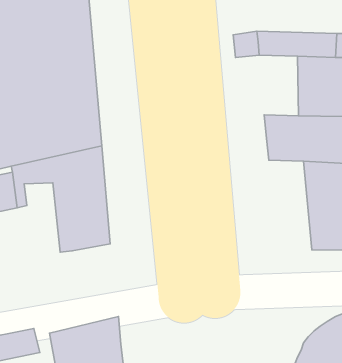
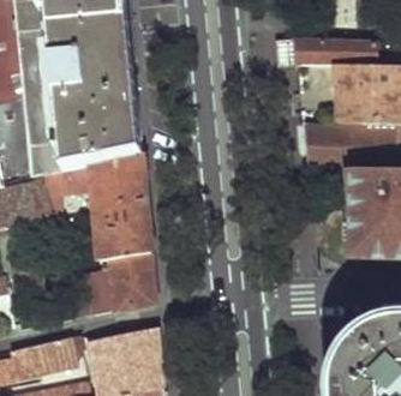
building: none -> [64,253,149,318]

